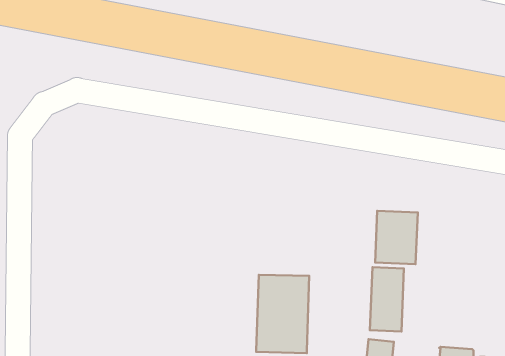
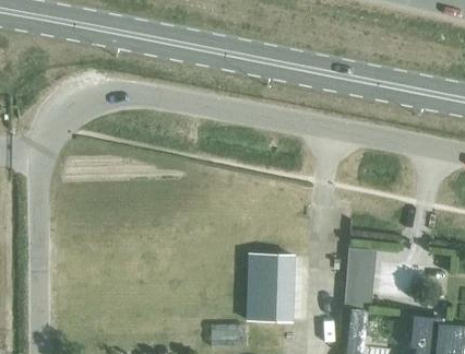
building: [375,211,418,264] -> none

